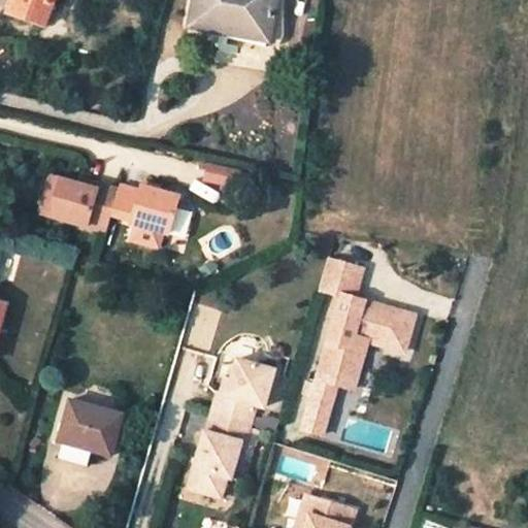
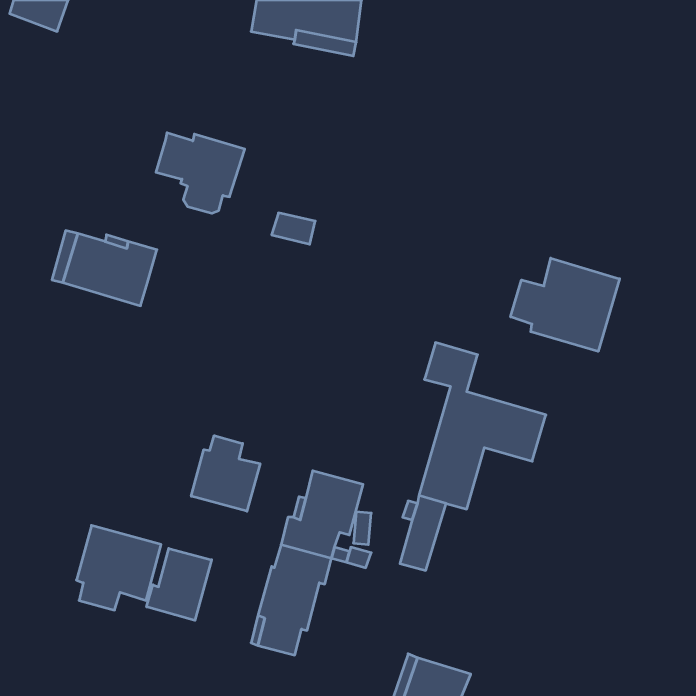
building: [111,185,178,245] -> [156,133,245,213]
building: none -> [511,258,620,351]
building: none -> [191,436,260,511]
building: none -> [147,548,212,620]

